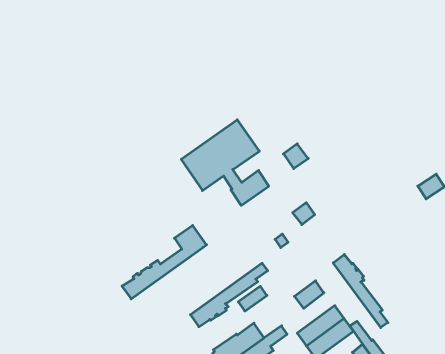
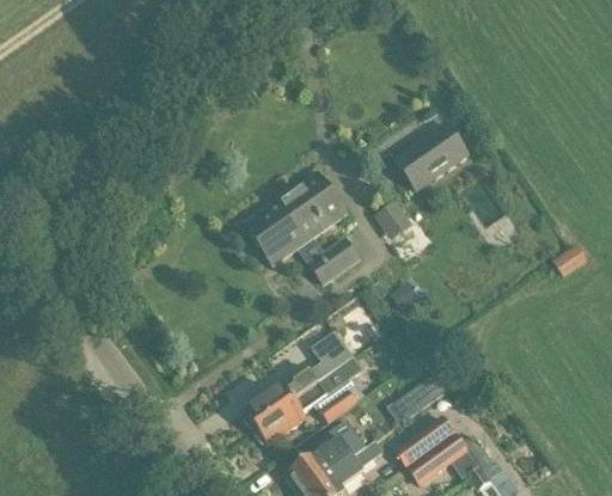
building: none -> [394,121,470,191]
building: [122,225,207,299] -> [246,330,356,425]
building: [333,254,388,328] -> none

